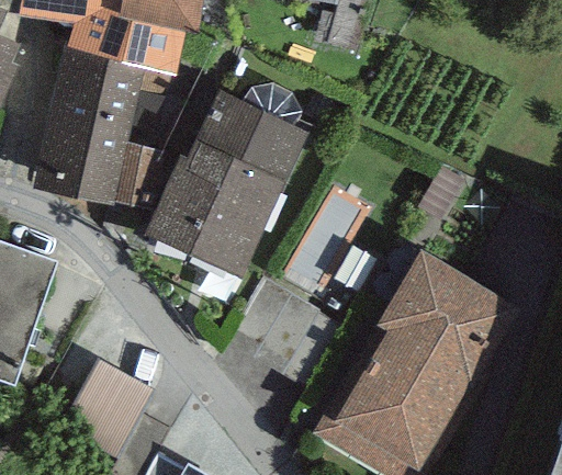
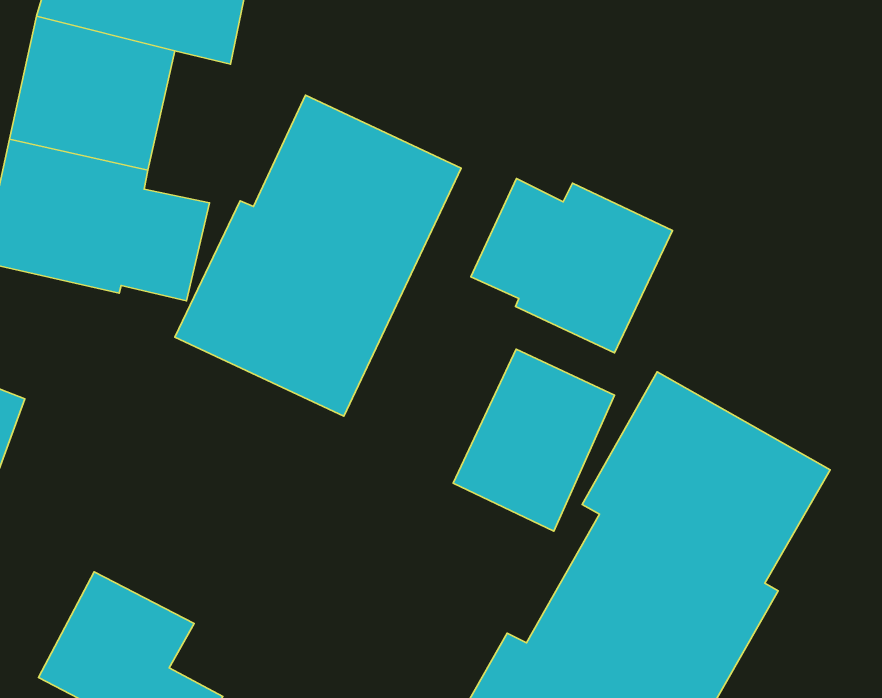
building: none -> [471,179,673,353]
building: none -> [453,349,614,531]

